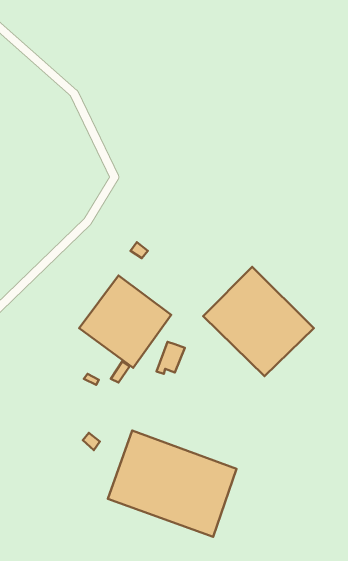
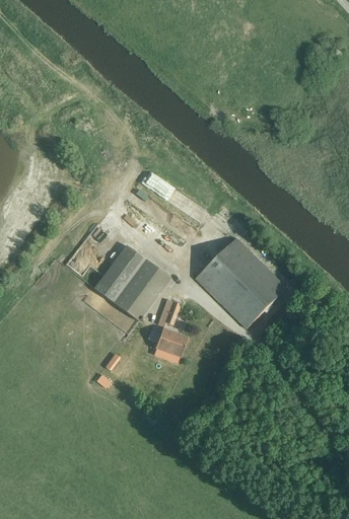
building: none -> [155,327,188,357]
building: [108,430,237,537] -> none

